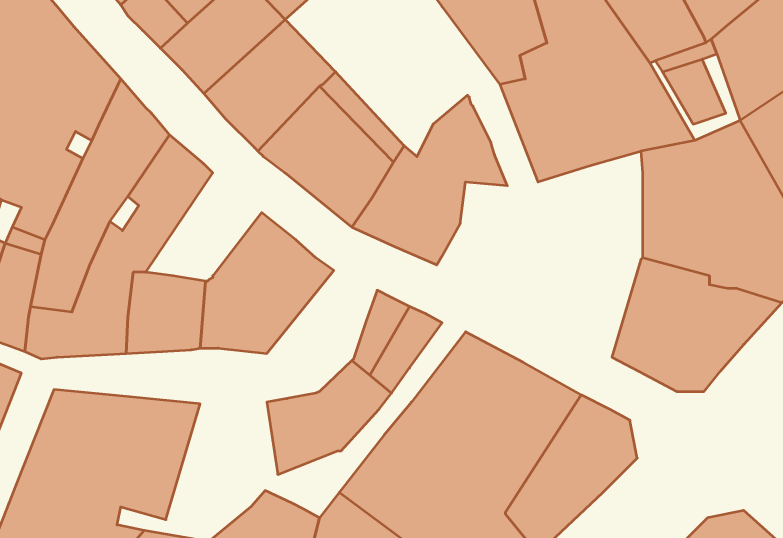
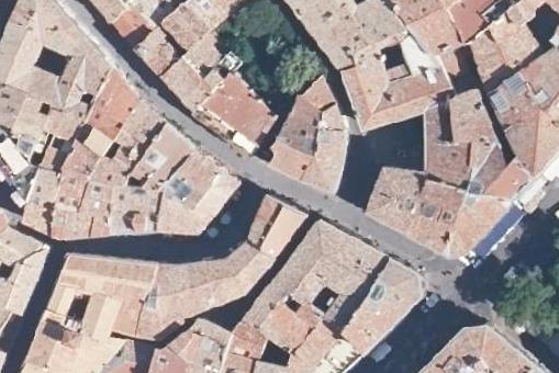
building: none -> [131,123,194,189]
building: none -> [301,128,344,192]
building: none -> [366,167,426,235]
building: none -> [136,262,204,337]

